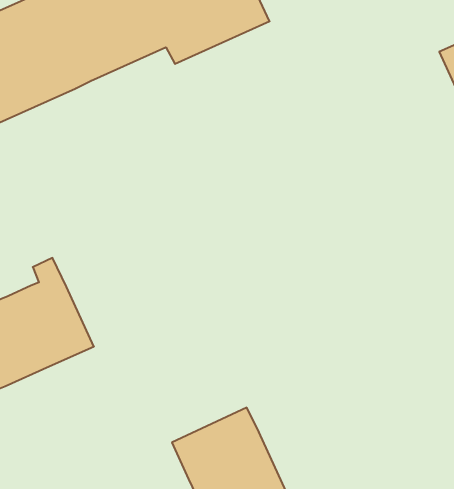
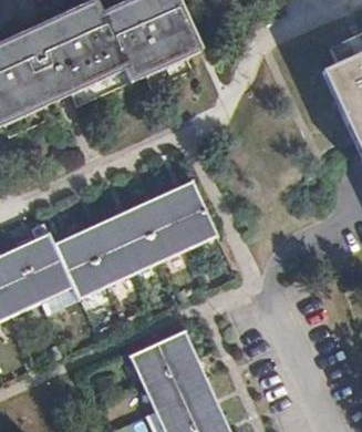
building: none -> [53,179,217,298]

